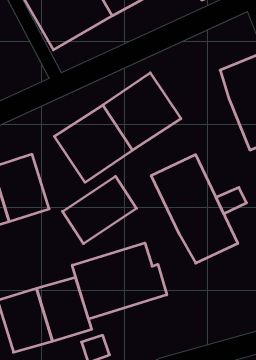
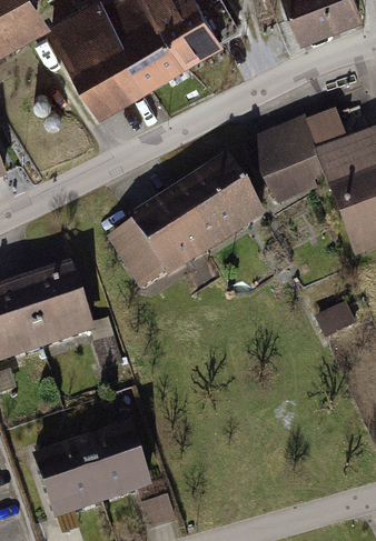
building: none -> [250,113,332,202]
building: [151,155,238,263] -> none
building: [62,176,137,244] -> none
building: [72,243,167,319] -> none

